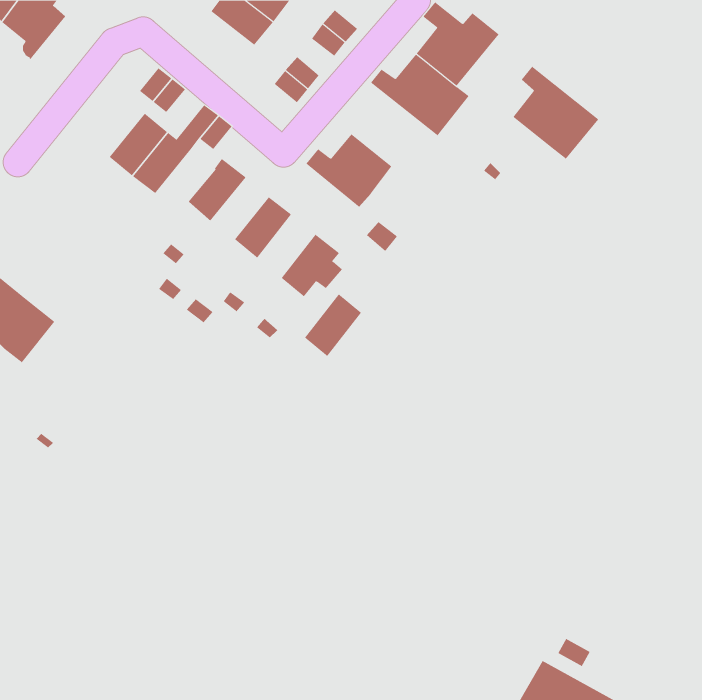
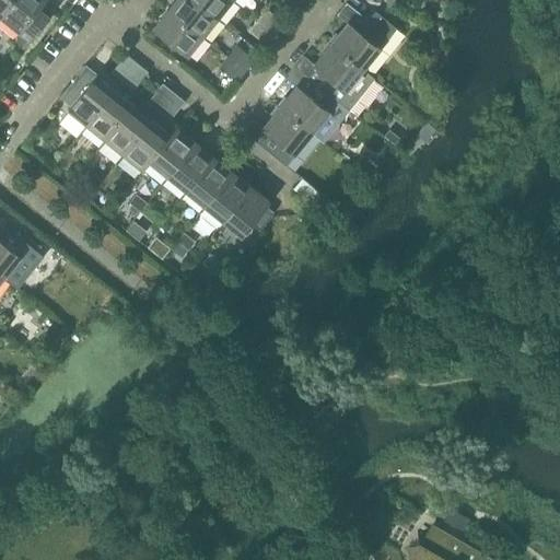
building: none -> [152,11,202,58]
building: [512,66,599,159] -> [279,68,348,142]
building: none -> [61,77,115,127]
building: none -> [124,121,171,172]
building: none -> [167,143,213,192]
building: [304,294,362,357] -> [205,173,250,223]

